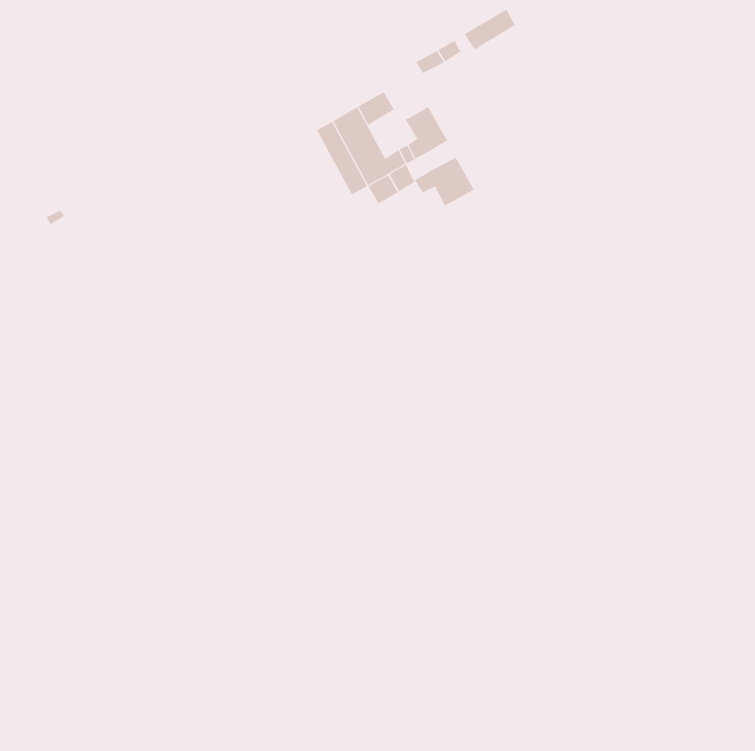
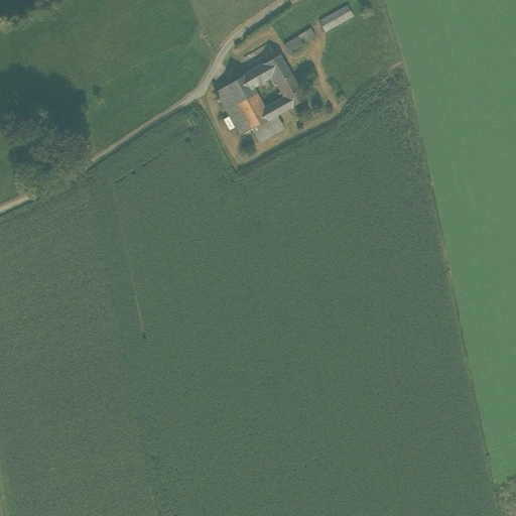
building: none -> [262,52,292,84]
building: [414,157,474,207] -> none

